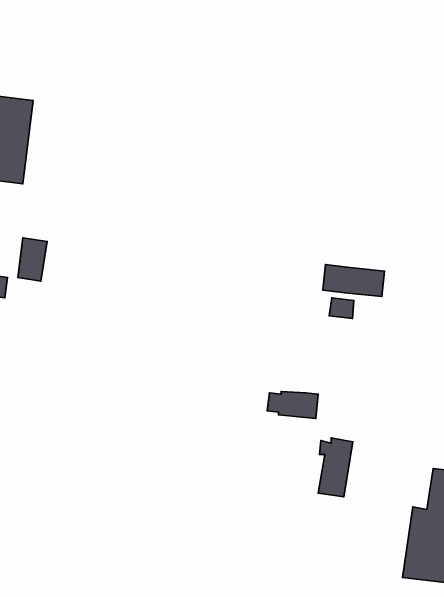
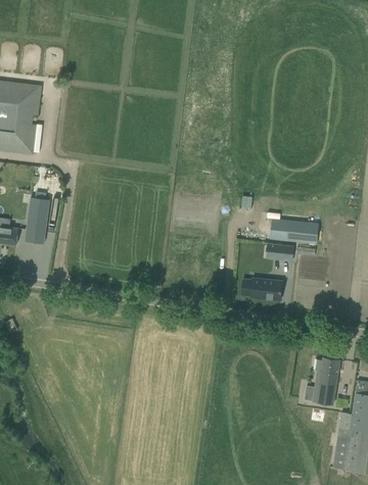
building: [267,392,318,419] -> [241,278,282,299]
building: [318,438,353,497] -> [313,355,340,402]

